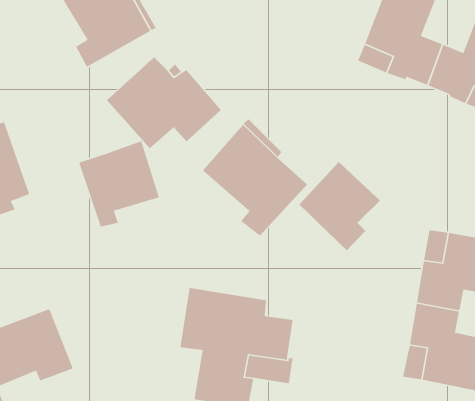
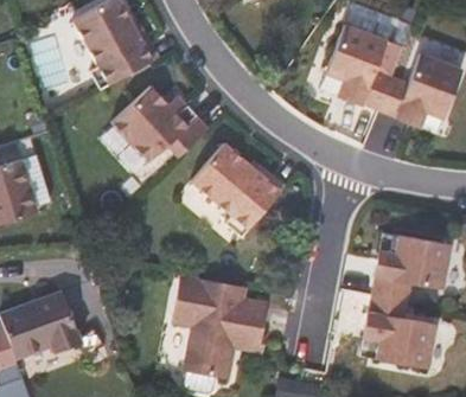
building: [78,140,160,227] -> none
building: [298,161,381,251] -> none

